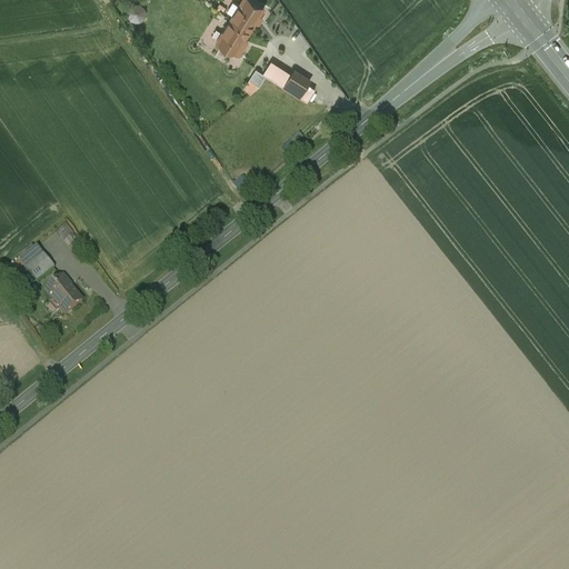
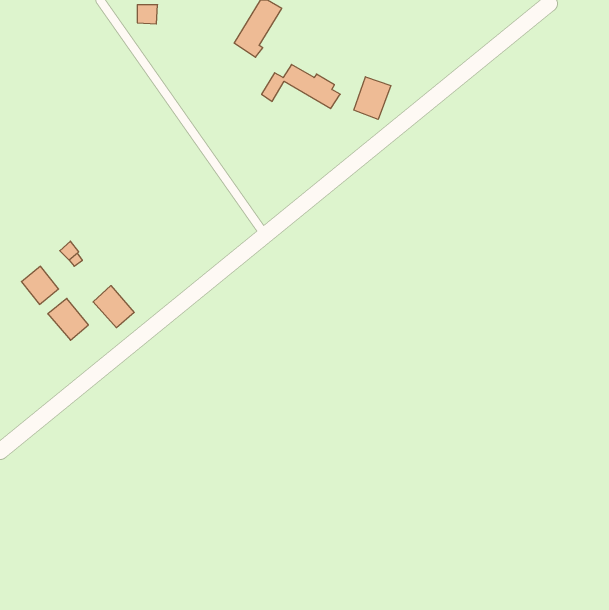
building: none -> [354,77,391,119]
building: none -> [93,286,134,328]

